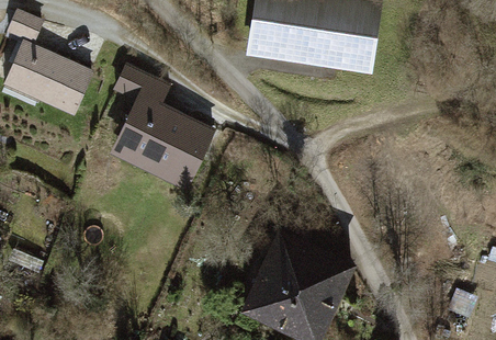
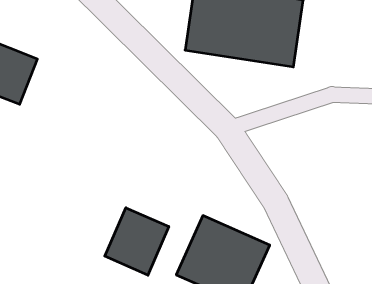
building: [112,65,216,191] -> none
building: none -> [105,208,169,275]

